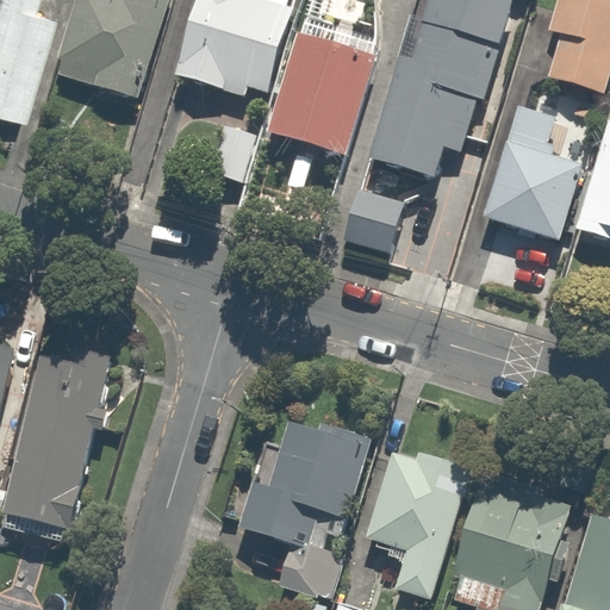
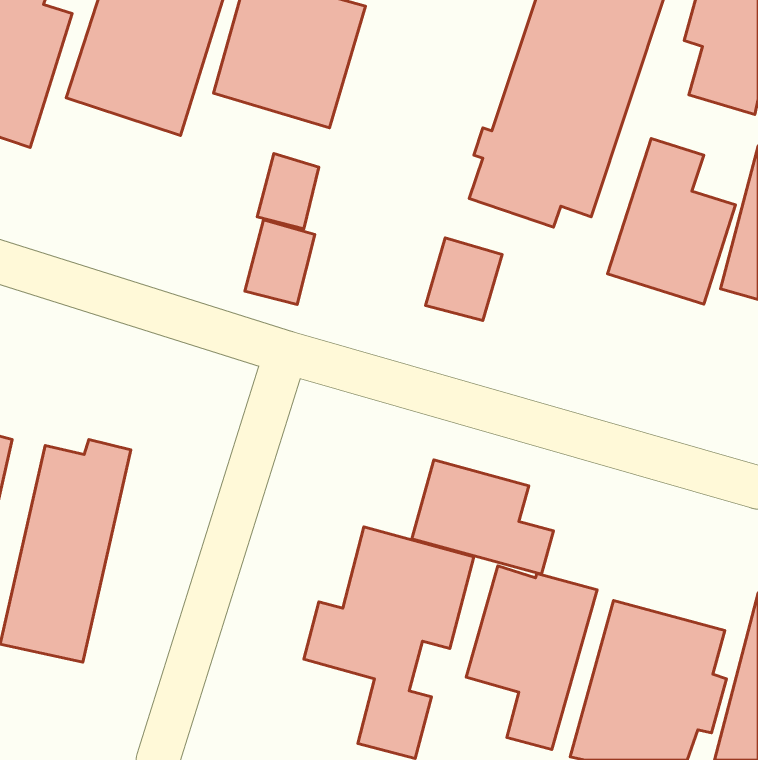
building: [270,25,388,157] -> none
building: none -> [245,220,315,305]
building: none -> [412,460,554,574]

